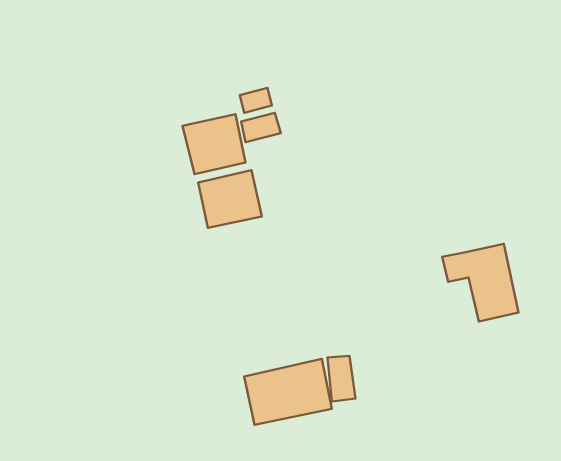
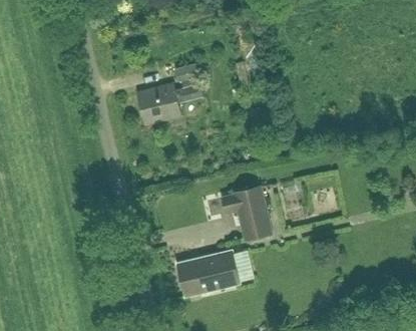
building: [198,170,262,228] -> none
building: [442,244,518,321] -> [220,188,272,241]

